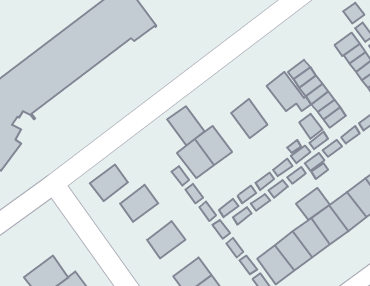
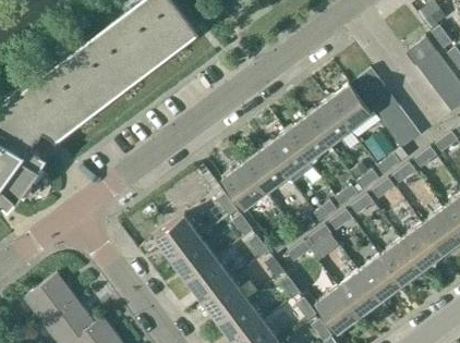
building: none -> [307,101,356,147]
building: [167,106,204,145] -> [265,133,308,179]
building: [90,165,128,201] -> [172,238,217,281]
building: [296,188,330,220] -> none
building: none -> [27,274,78,324]
building: none -> [204,281,249,323]

